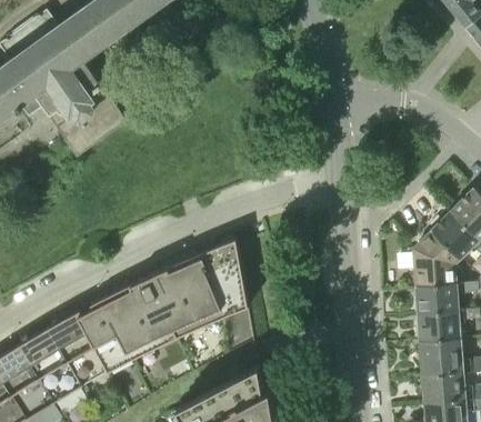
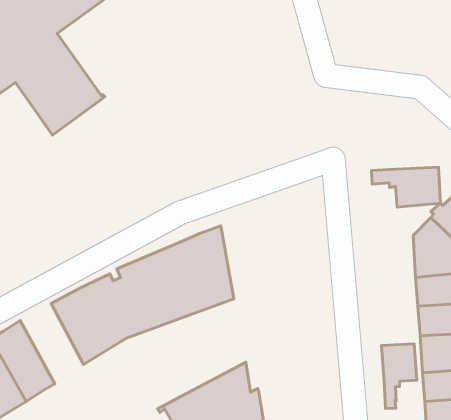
building: none -> [372,167,441,207]
building: [49,312,108,386] -> none
building: none -> [381,344,417,408]

